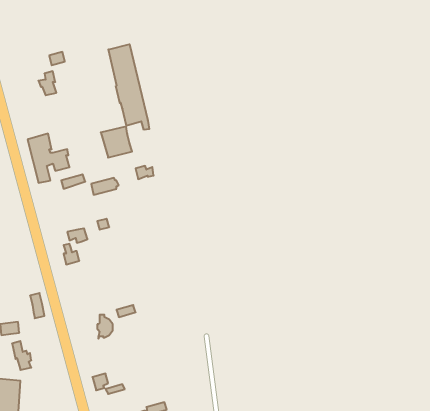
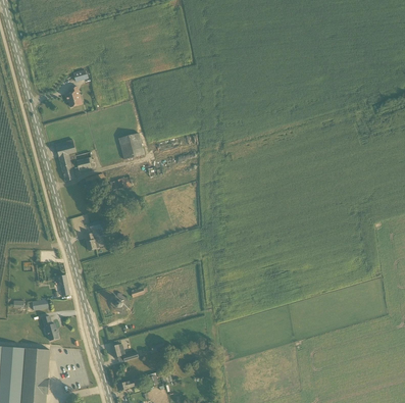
building: [108,44,149,130] -> none

